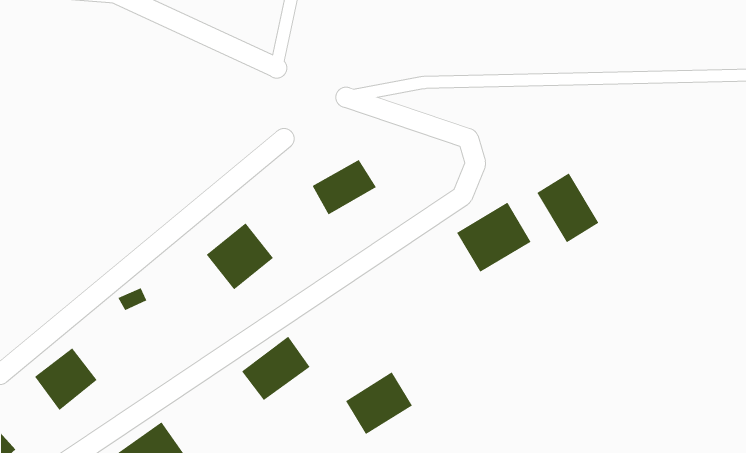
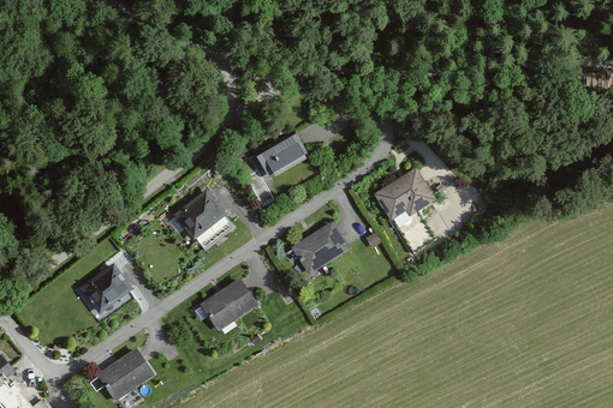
building: [536,172,599,243] -> none
building: [34,347,98,411] -> [82,262,133,313]
building: [345,372,413,435] -> [293,221,349,272]

